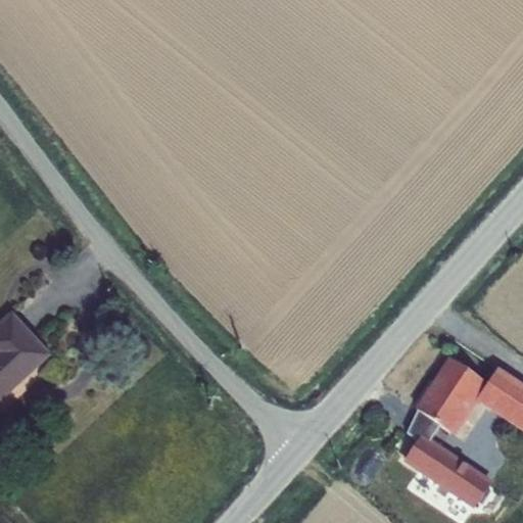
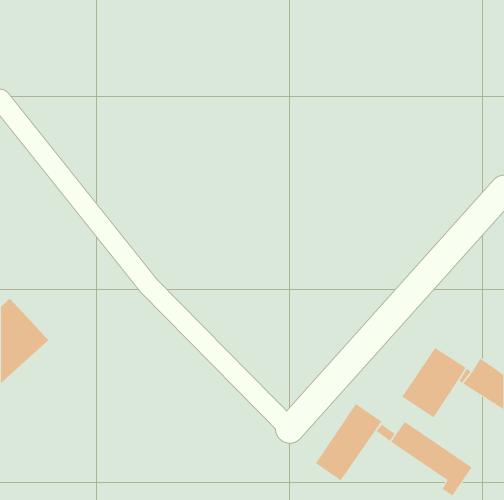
building: none -> [315,403,382,481]

